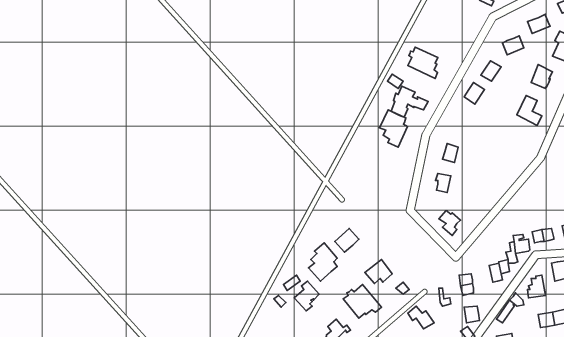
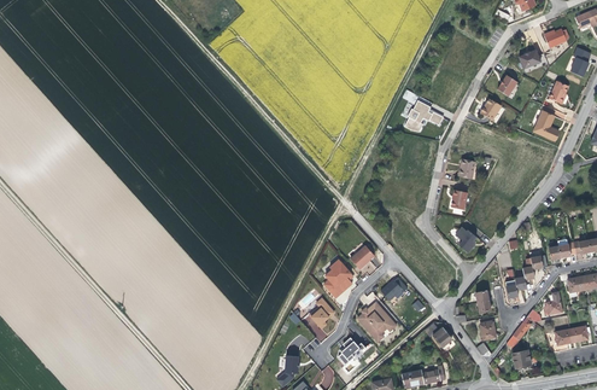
building: [408,47,438,78] -> none
building: [380,110,407,147] -> none

